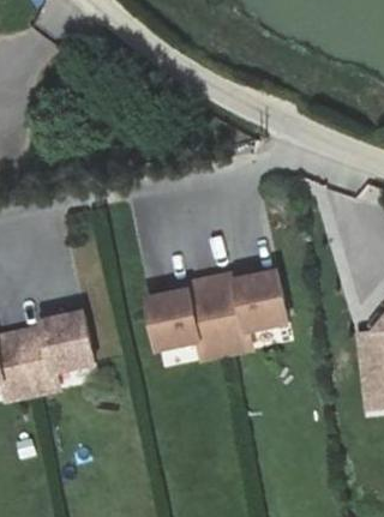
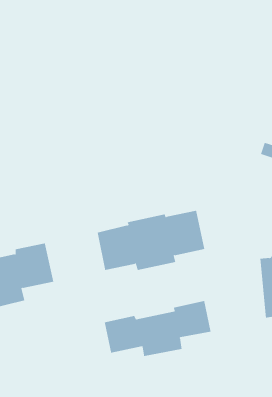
building: none -> [104,300,211,357]

